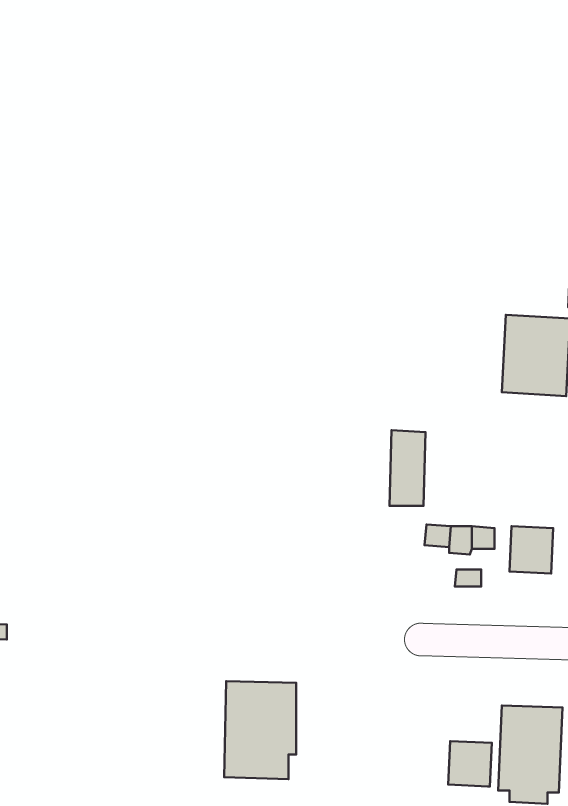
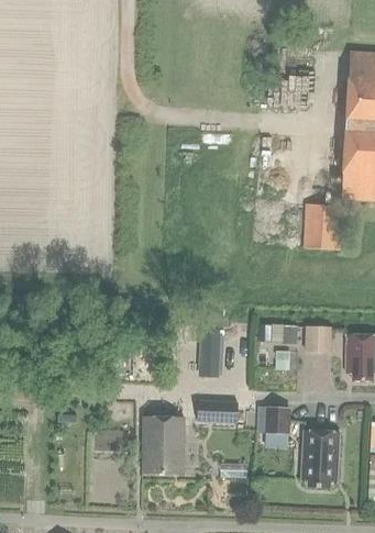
building: [390,430,425,506] -> [199,332,220,376]
building: none -> [197,400,239,423]
building: [448,741,492,786] -> [262,407,287,433]

